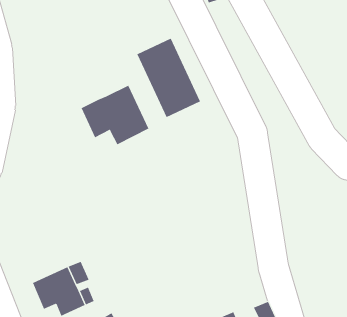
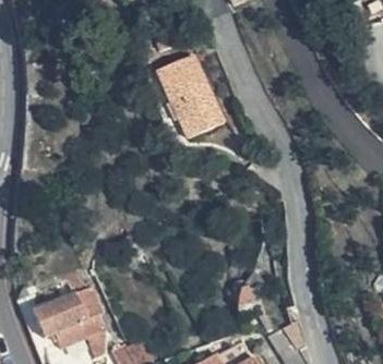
building: [81,85,149,145] -> none

